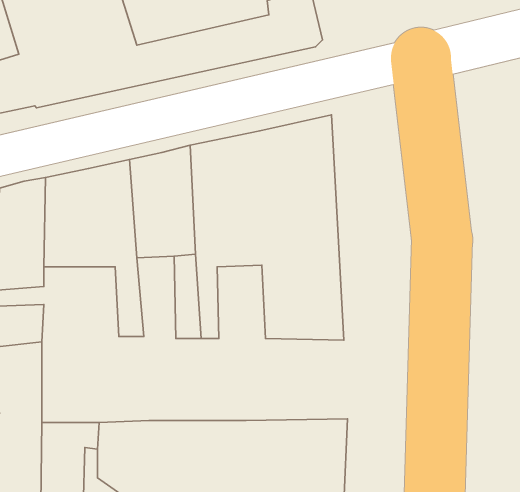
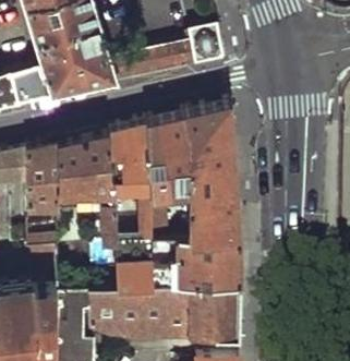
building: none -> [116,240,153,291]
building: none -> [178,241,241,291]

